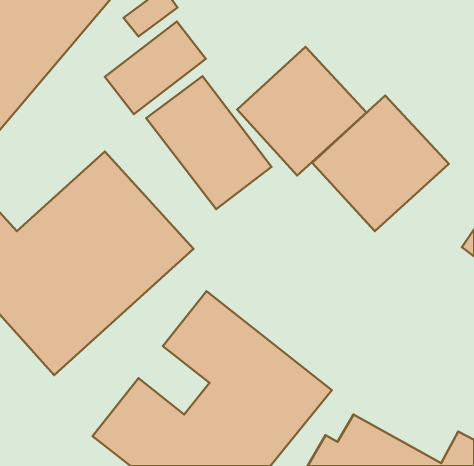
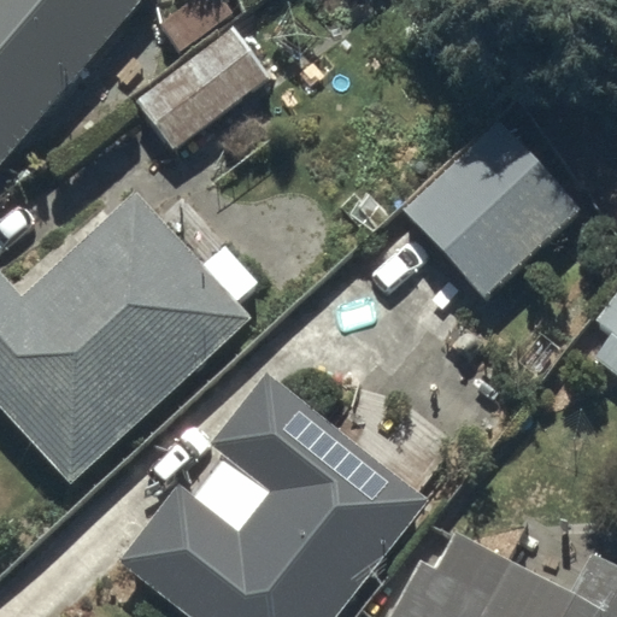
building: [237,47,367,175] -> none
building: [146,76,272,209] -> none

